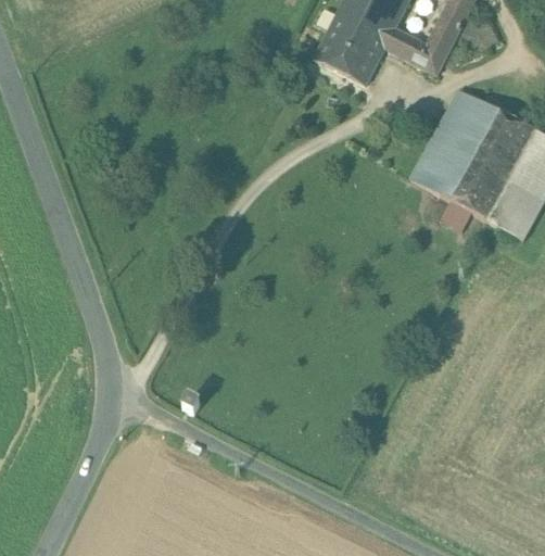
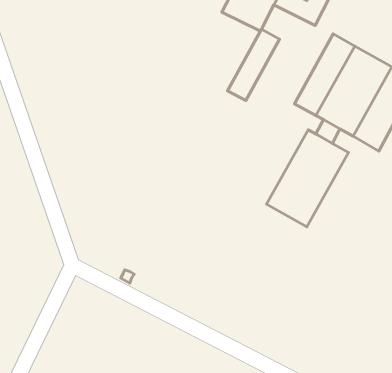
building: none -> [228,29,279,101]
building: none -> [266,130,348,227]

